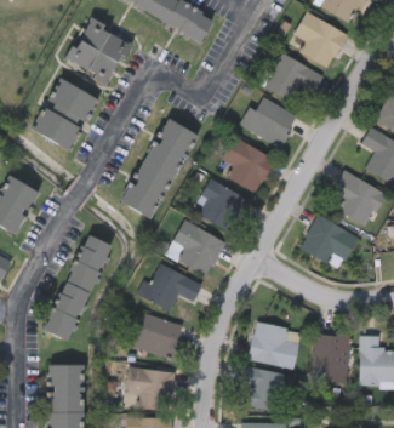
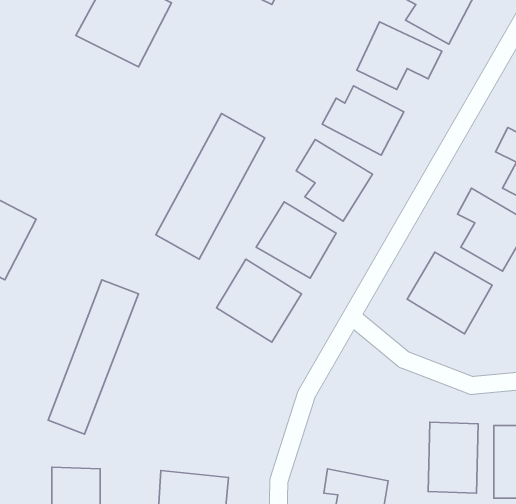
building: [34,79,98,150] -> none
building: [143,266,201,313] -> none
building: [129,313,183,360] -> none
building: [247,323,301,369] -> none

